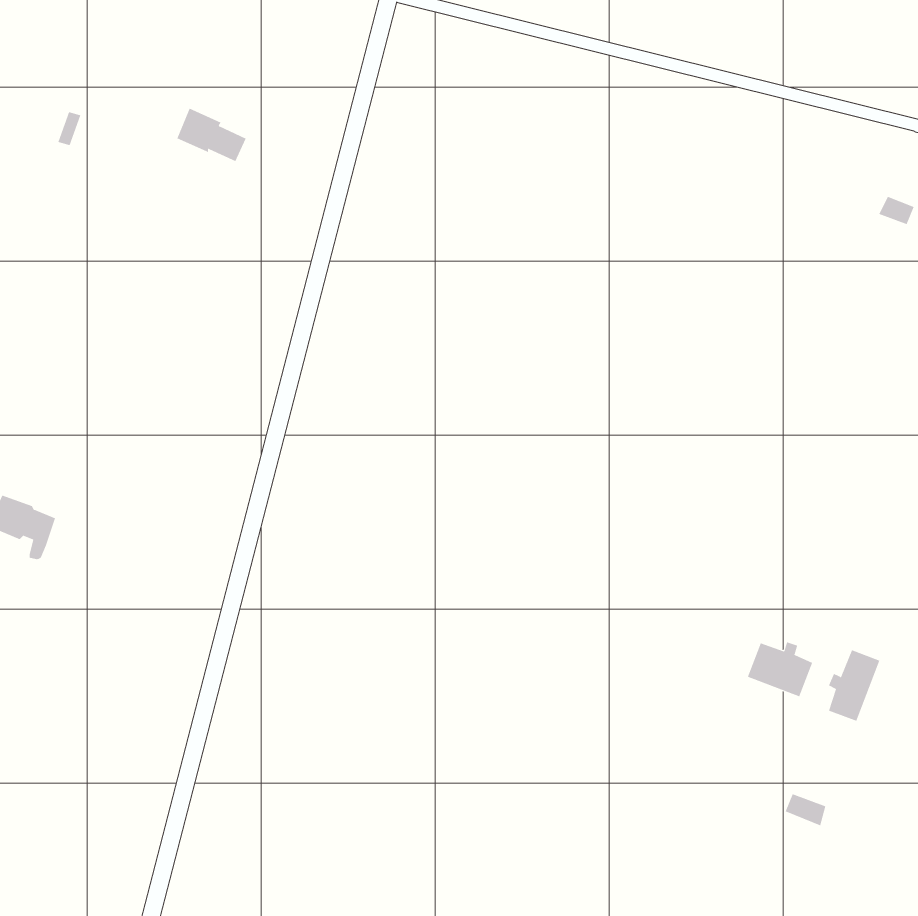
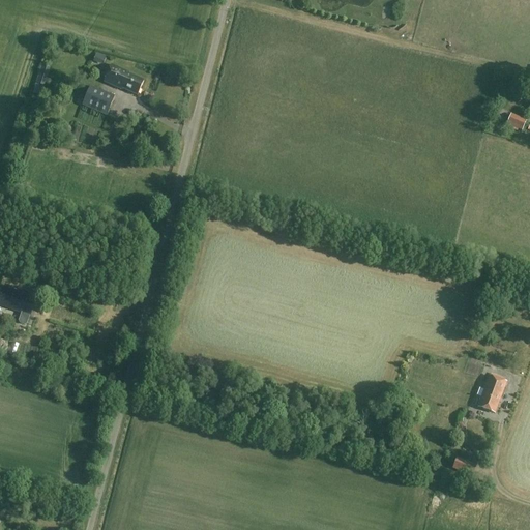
building: none -> [81,85,114,115]
building: [747,642,813,697] -> none

